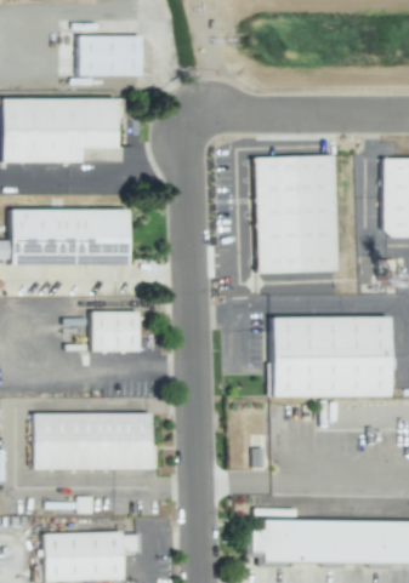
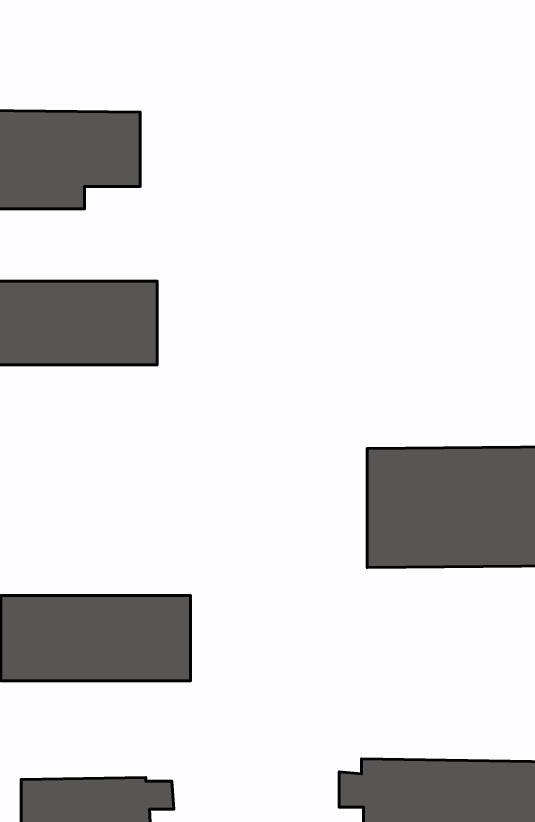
building: [75,35,144,75] -> none
building: [249,155,341,274] -> none
building: [87,311,141,353] -> none

